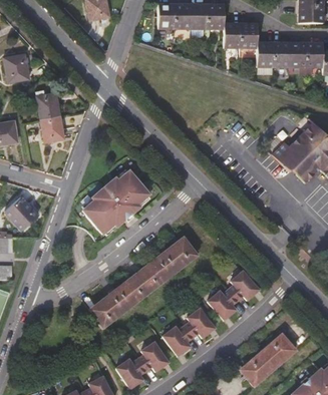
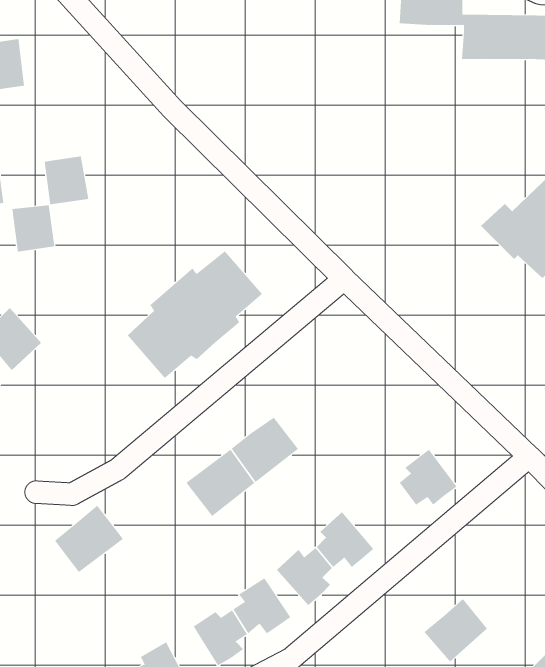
building: [35,95,58,120] -> [12,205,55,252]
building: [160,238,198,273] -> none
building: [90,291,127,327] -> [54,505,124,573]
building: [206,291,236,321] -> none
building: [261,334,295,368] -> none

